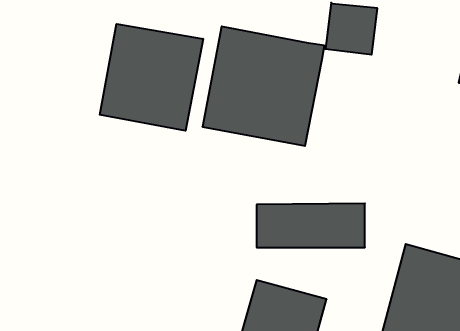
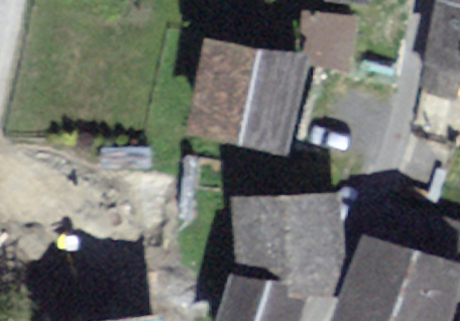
building: [100,24,203,131] -> none
building: none -> [241,237,338,284]

